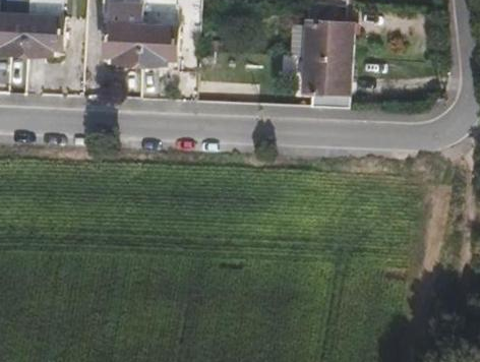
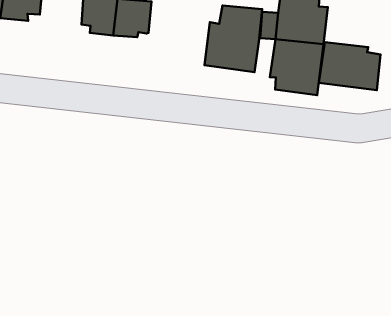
building: none -> [205,5,262,72]
building: none -> [319,42,381,90]

